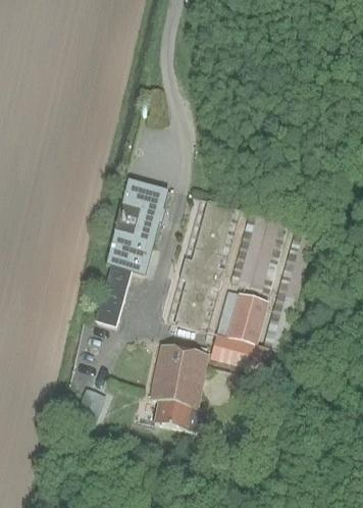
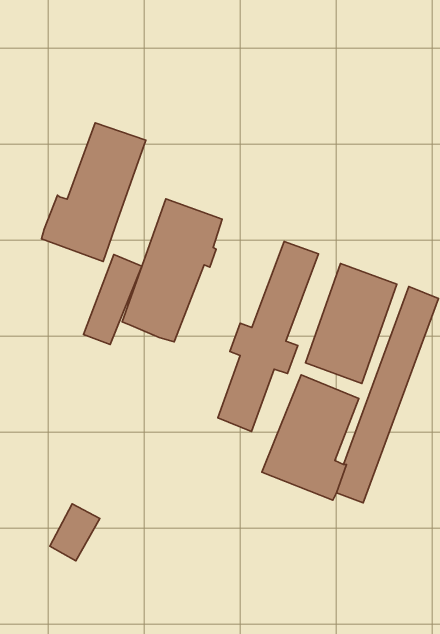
building: none -> [42,123,146,262]
building: [97,265,132,325] -> [84,254,142,344]
building: [150,344,208,430] -> none

